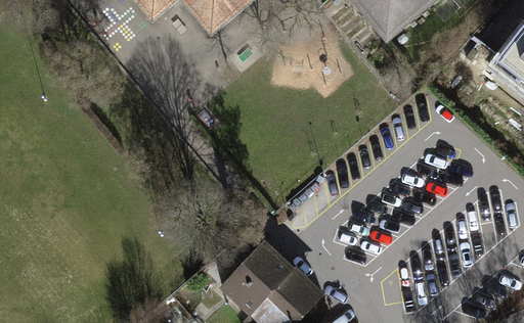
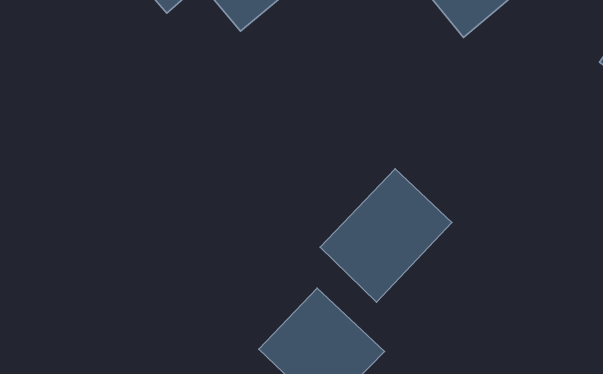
building: none -> [320,169,452,302]

